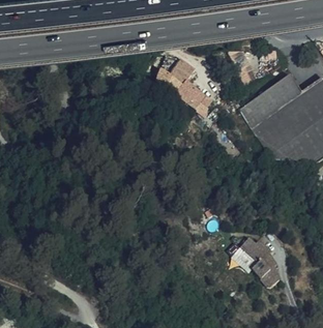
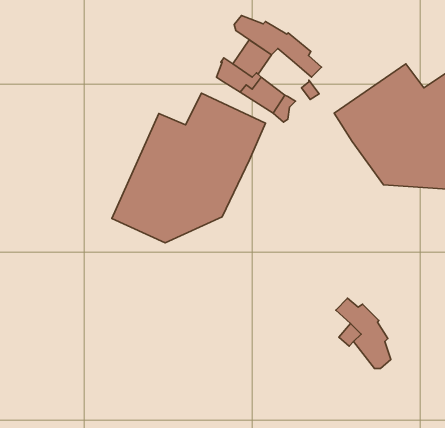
building: none -> [234,15,321,77]
building: none -> [112,93,265,243]

